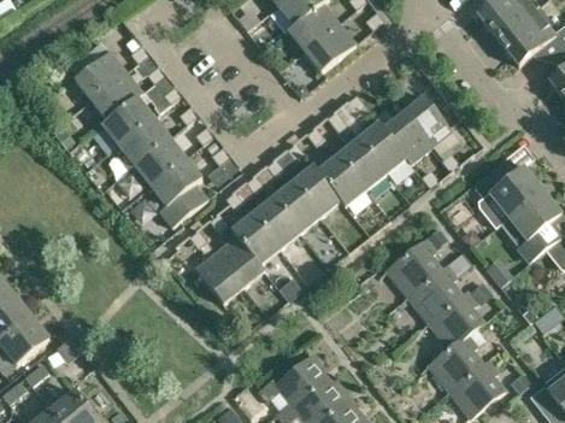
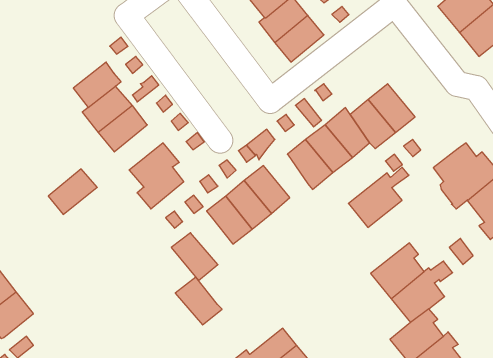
building: [73,52,125,100] -> none
building: [134,139,186,187] -> [48,169,97,214]
building: [292,164,339,216] -> none
building: [384,233,448,296] -> [348,167,409,227]
building: [214,236,264,287] -> [175,277,222,325]

